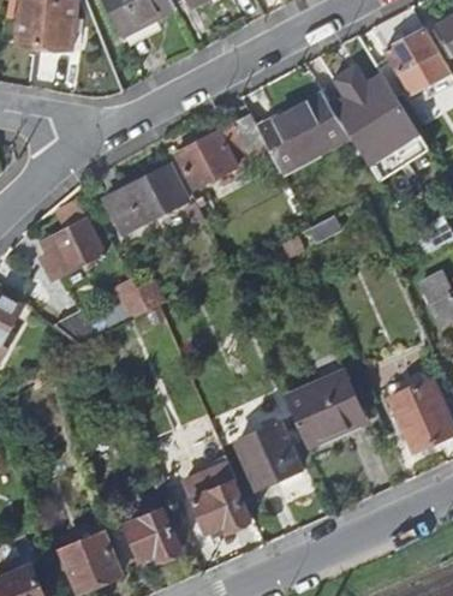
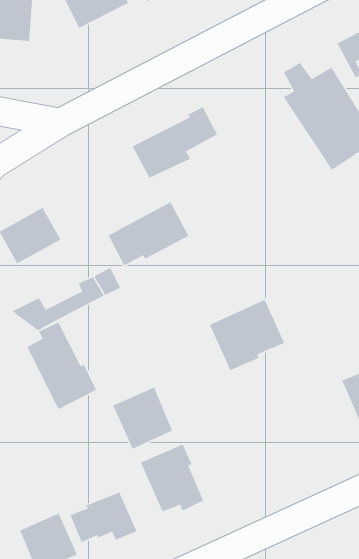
building: [257,94,350,169] -> none
building: [105,165,189,232] -> [108,201,190,267]
building: none -> [26,322,97,410]
building: [284,370,362,445] -> [209,299,285,371]
building: [237,424,299,489] -> [112,386,173,450]

